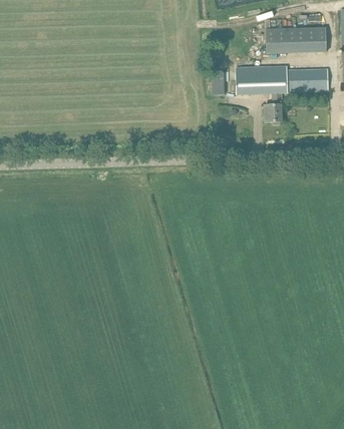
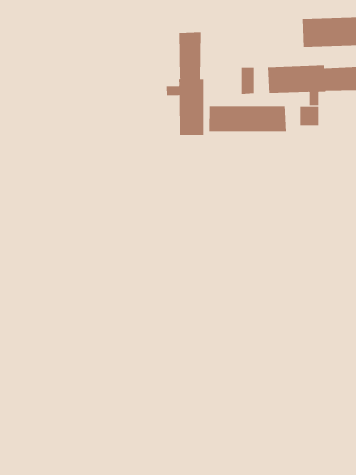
building: none -> [166,32,204,136]
building: none -> [209,106,286,132]

